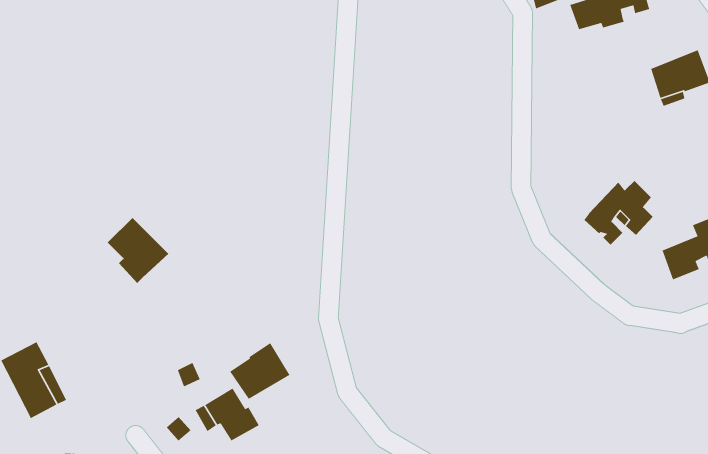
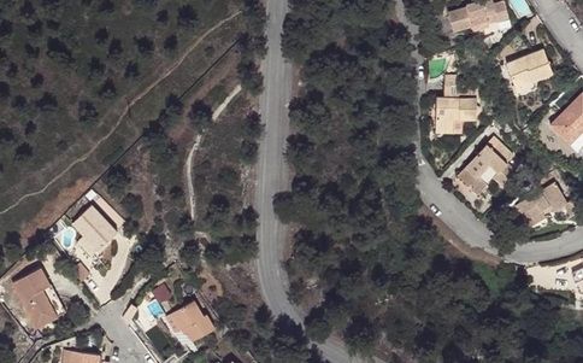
building: none -> [434,74,476,131]
building: [107,217,169,284] -> [70,207,117,258]
building: [229,342,291,400] -> none

